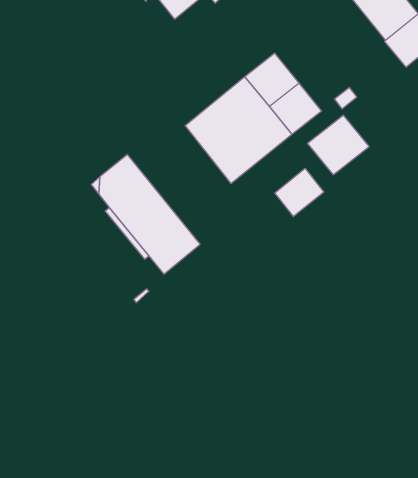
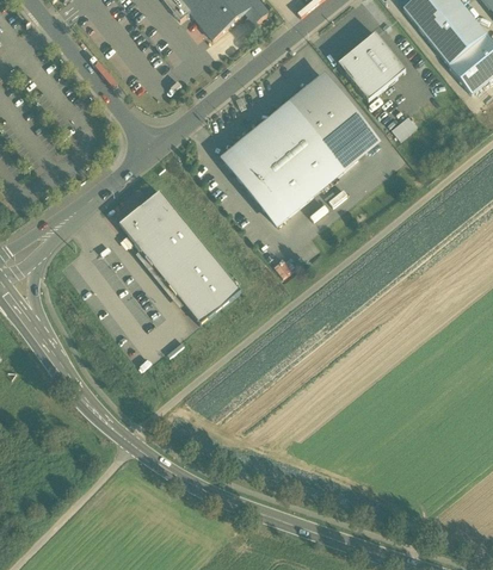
building: none -> [337,31,405,98]
building: [308,115,369,175] -> none
building: [275,168,324,217] -> none

